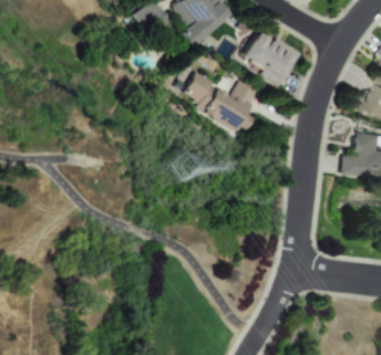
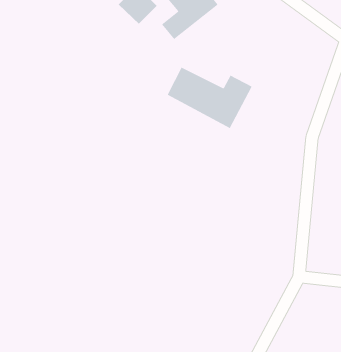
building: [240,29,300,83] -> none

